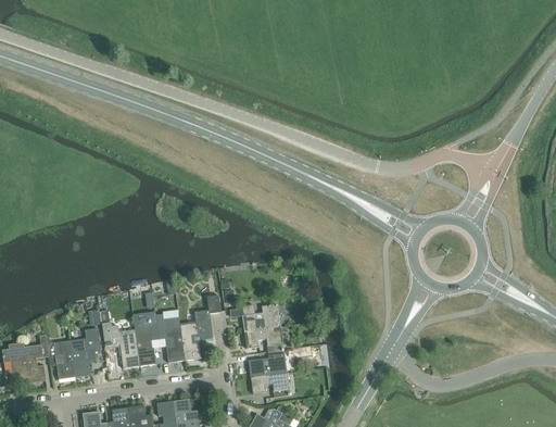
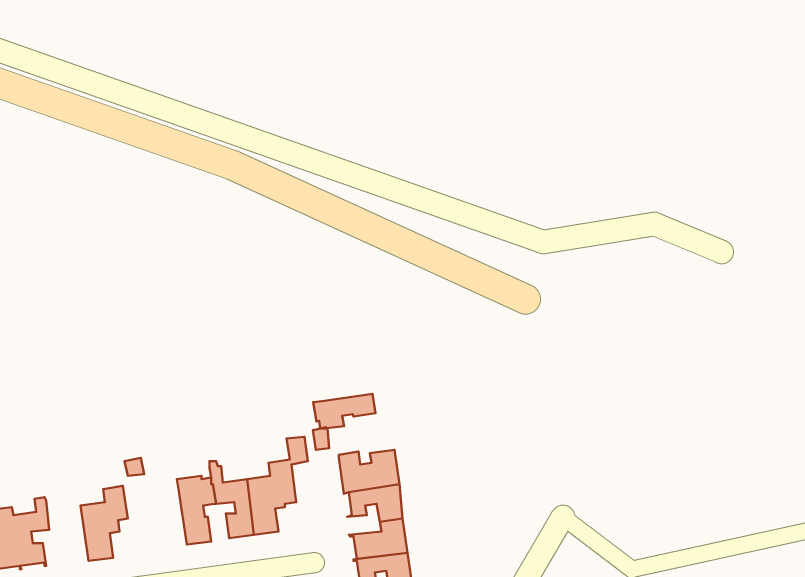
building: none -> [313,394,375,429]
building: [101,322,139,368] -> none
building: [46,337,74,379] -> none

